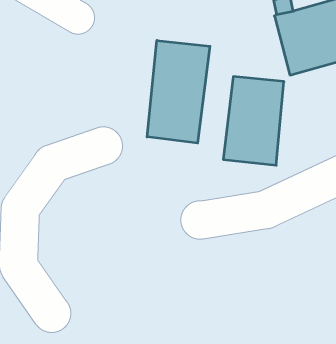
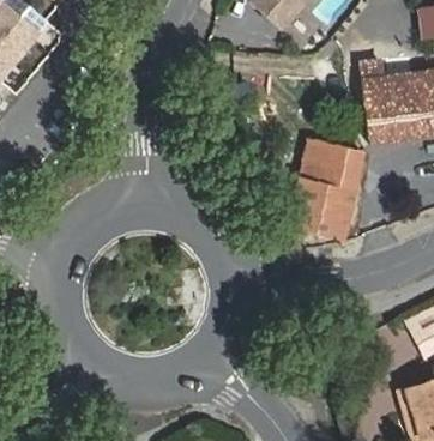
building: [147,40,210,143] -> none

